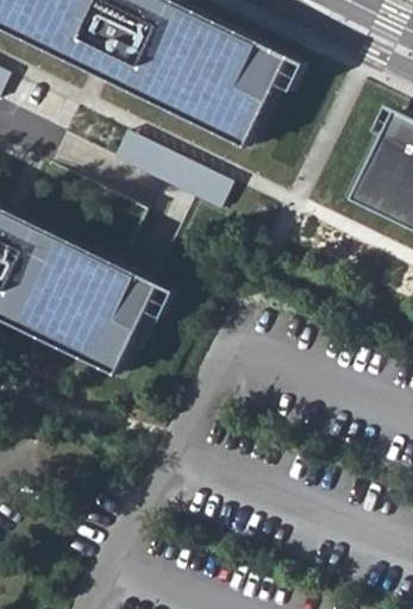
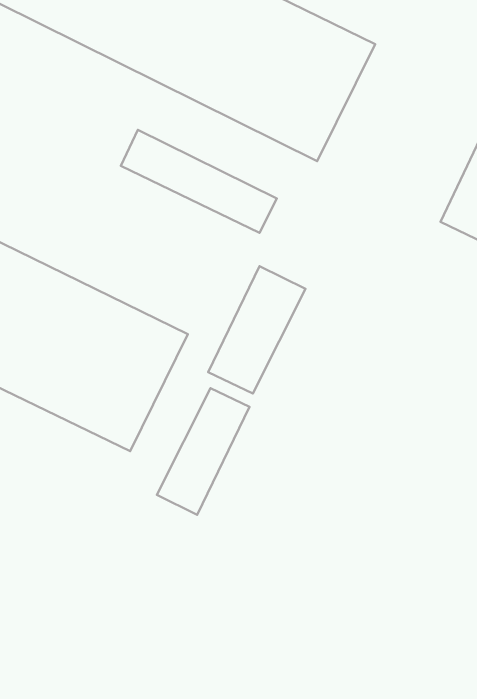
building: none -> [208,266,306,394]
building: none -> [157,388,249,515]

